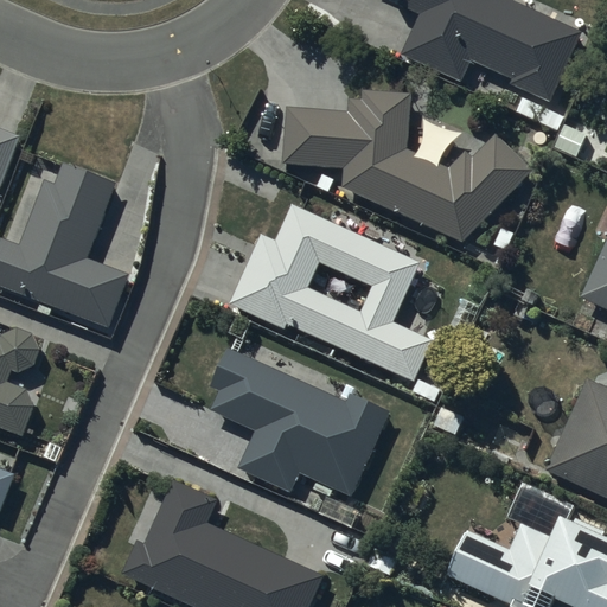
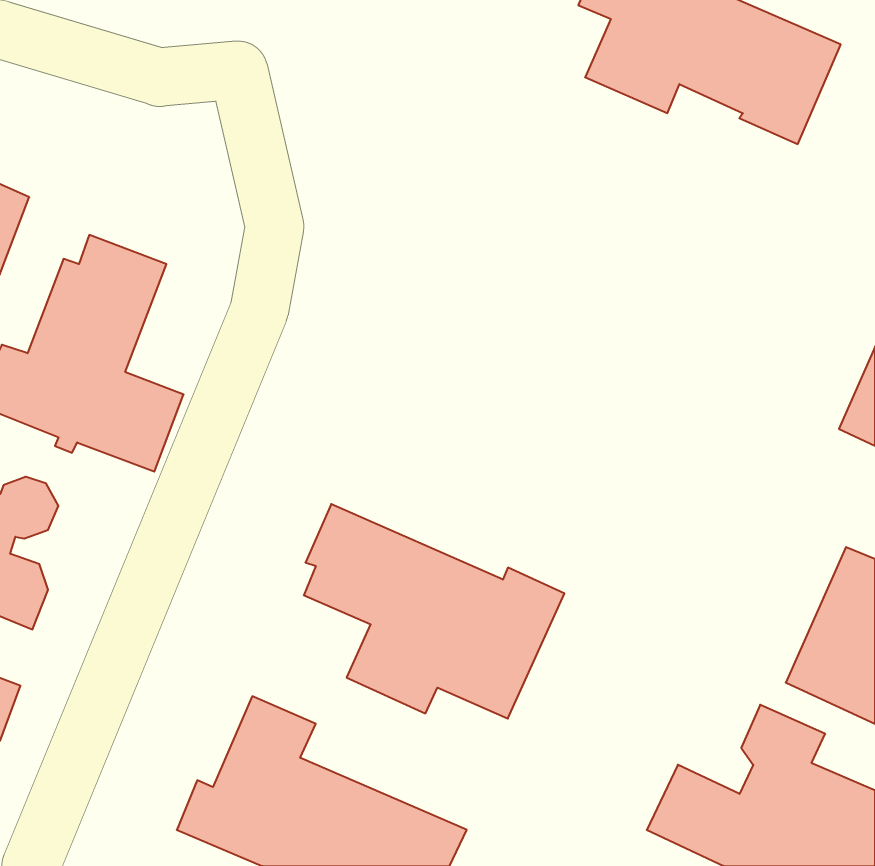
building: [283,91,532,242] -> none
building: [229,204,432,382] -> none

